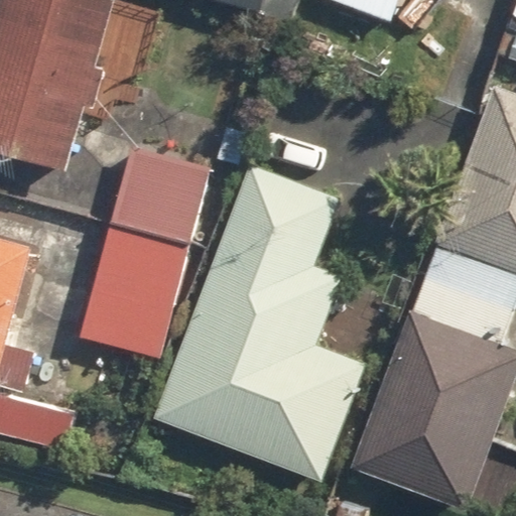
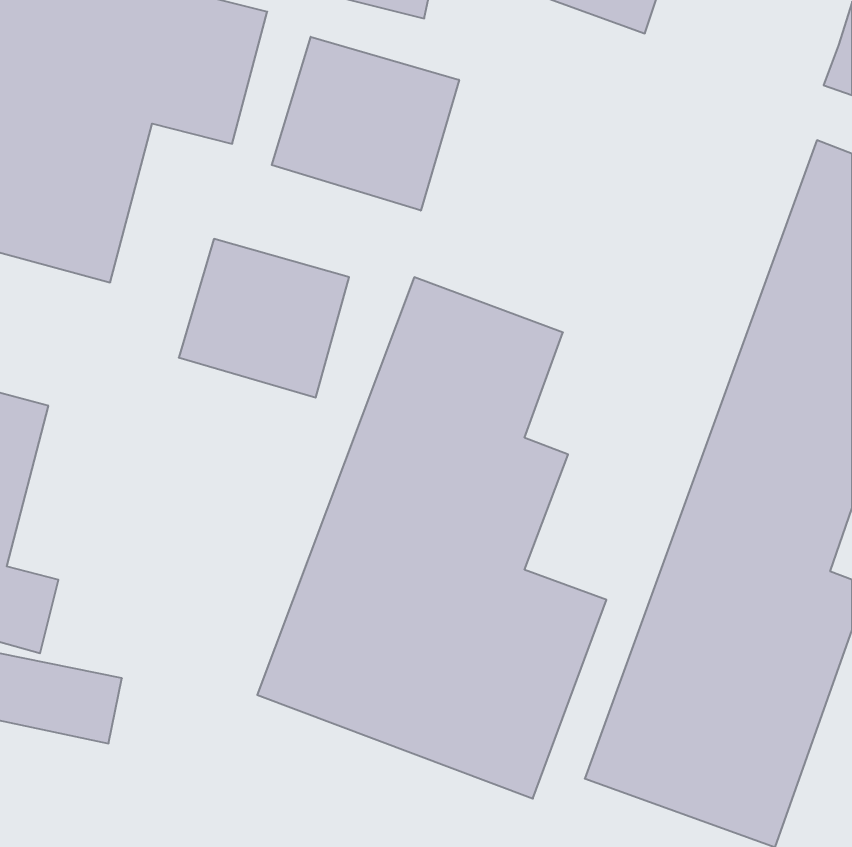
building: none -> [272,37,459,211]
building: [80,230,187,355] -> none

